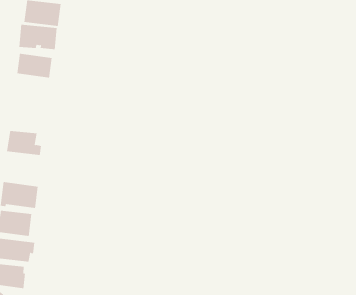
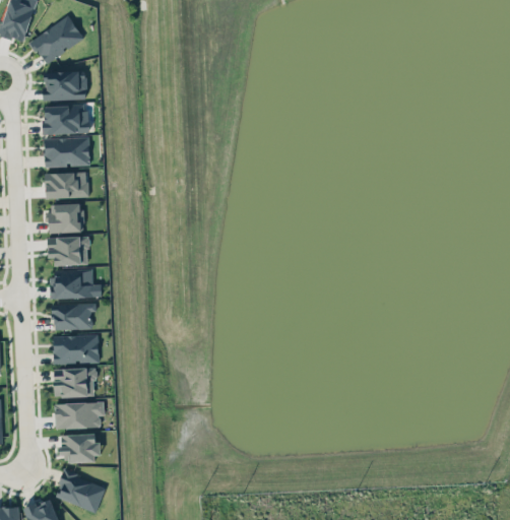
building: none -> [47,201,82,230]
building: none -> [48,238,89,267]
building: none -> [52,305,97,332]

